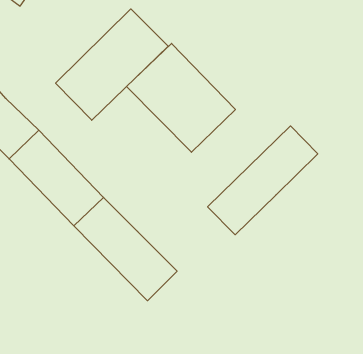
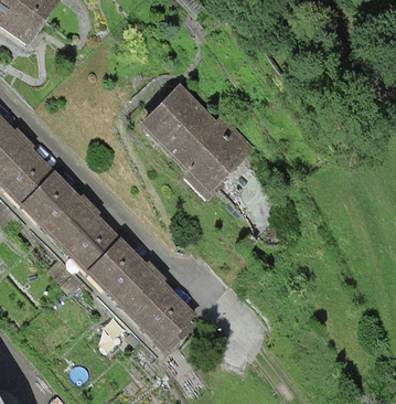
building: [56,9,168,120] -> none
building: [208,126,318,235] -> none

